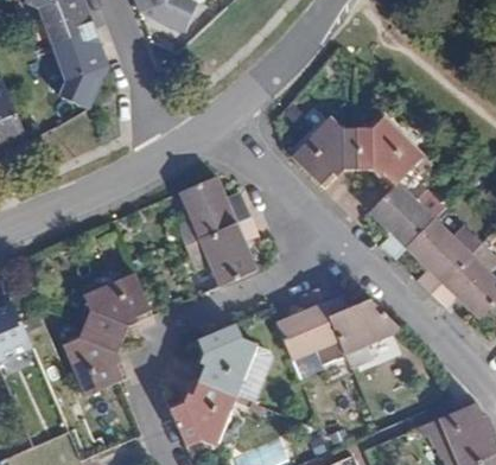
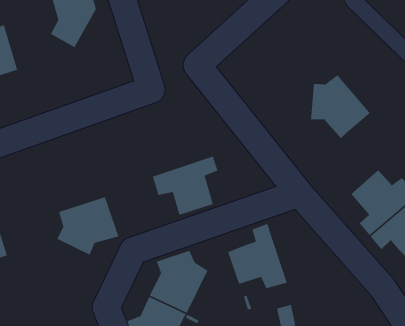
building: [291,116,356,190] -> none
building: [176,177,252,246] -> none
building: [369,181,445,257] -> none
building: [324,295,396,367] -> none
building: [64,324,129,395] -> none

